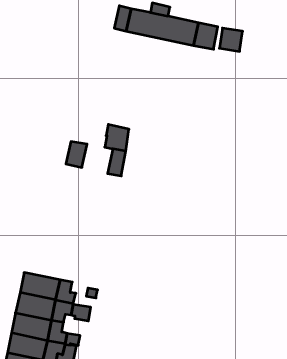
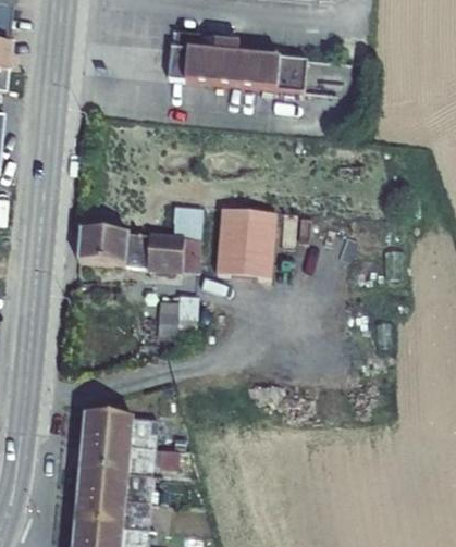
building: none -> [217,209,278,279]
building: none -> [79,227,128,263]
building: none -> [147,233,185,270]
building: none -> [158,293,199,335]

